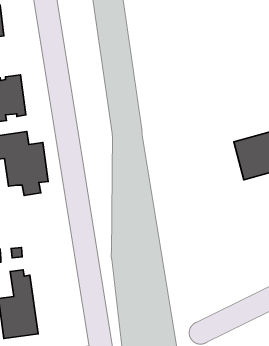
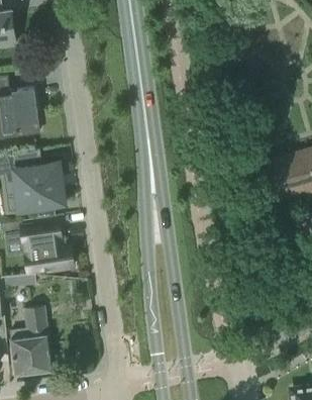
building: none -> [20,222,72,271]

